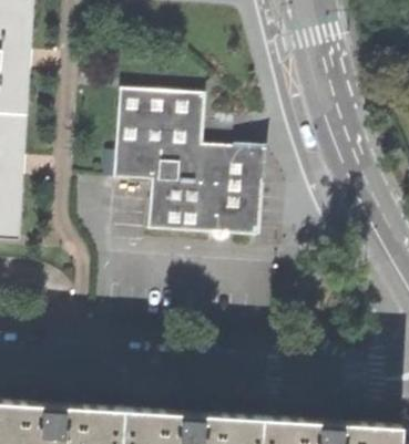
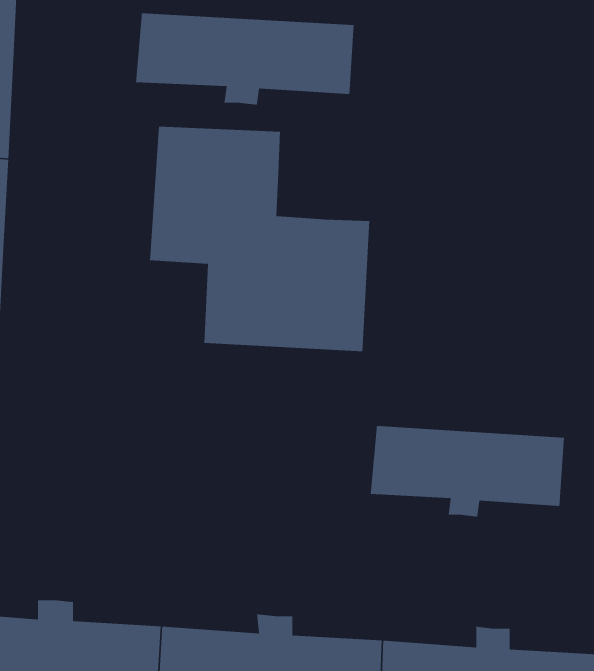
building: none -> [135,13,355,106]
building: none -> [370,425,565,517]

